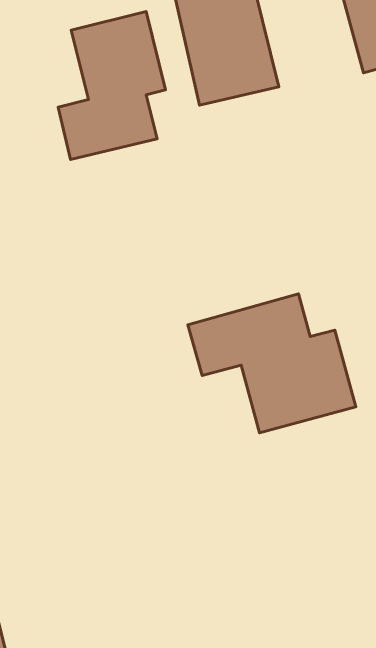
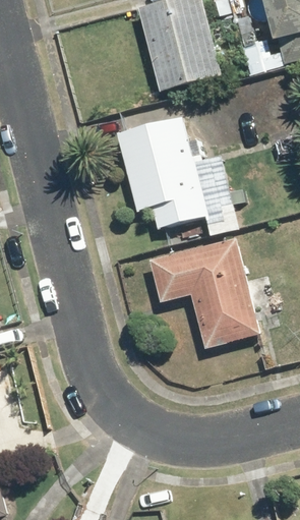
building: [58,11,165,159] -> none
building: none -> [120,118,235,235]

